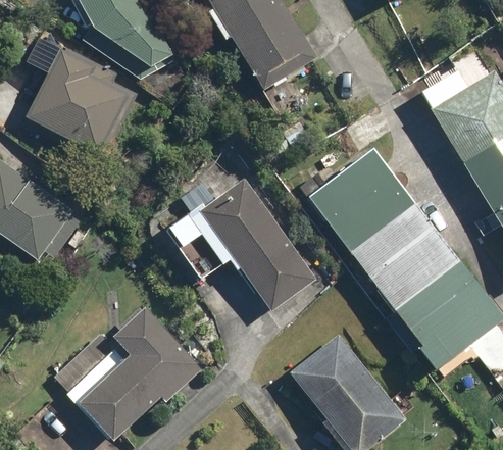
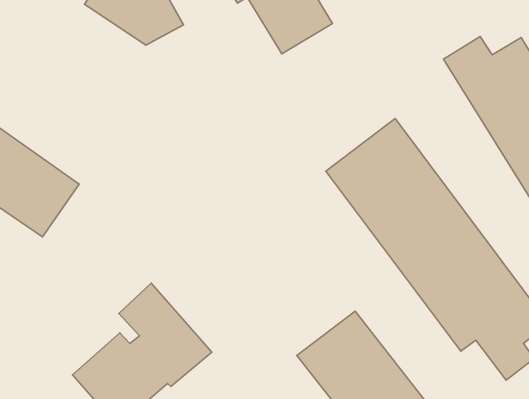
building: [26,50,138,155] -> none
building: [165,176,315,311] -> none

